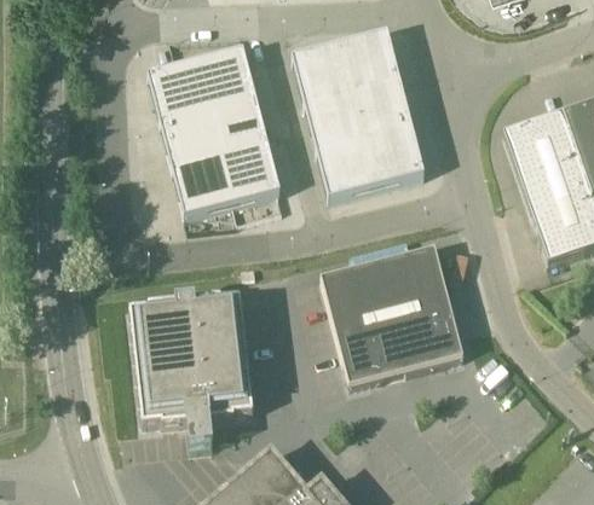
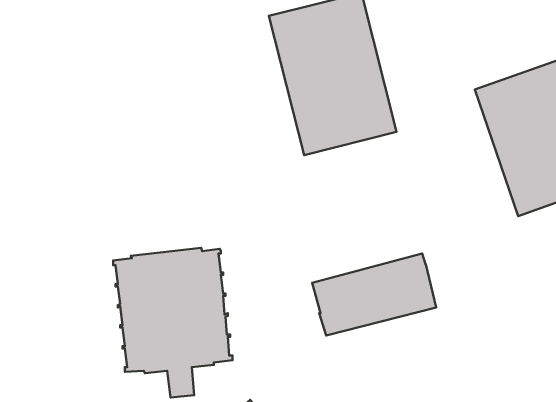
building: [148,50,281,217] -> none
building: [321,248,449,332] -> none

